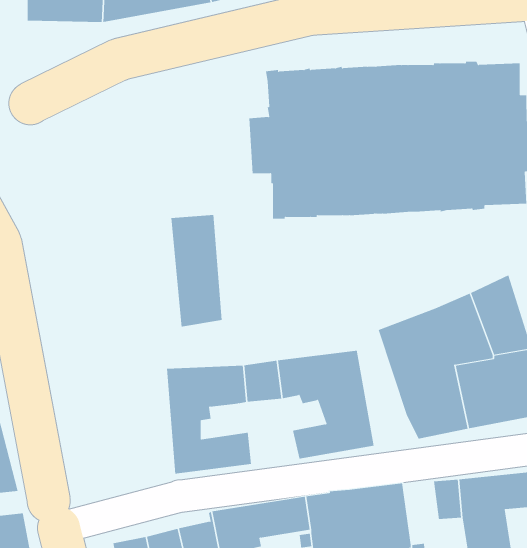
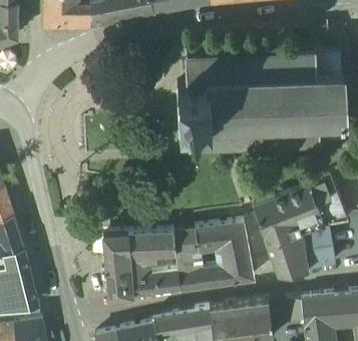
building: [171,215,223,327] -> [101,232,132,299]
building: none -> [175,250,207,290]

